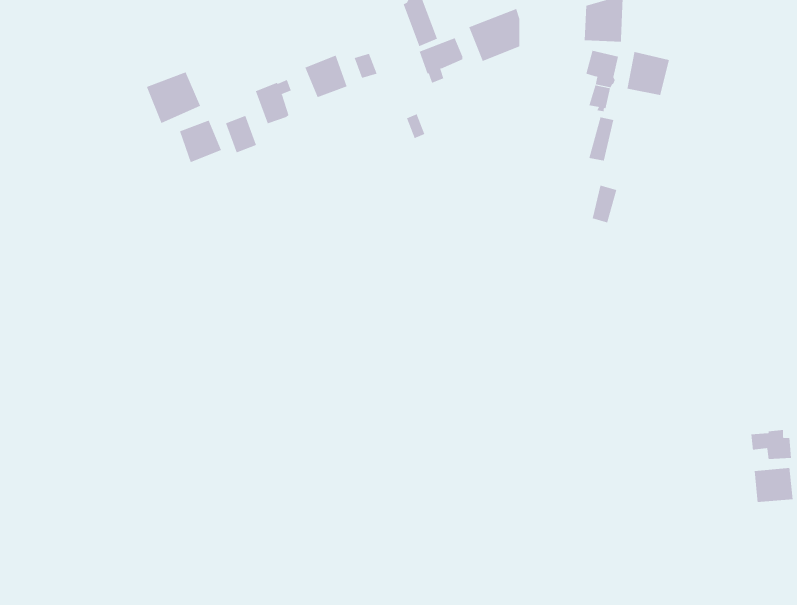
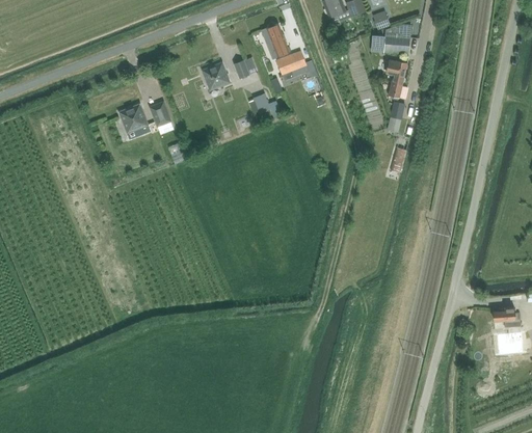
building: [468,8,520,62] -> none
building: [627,51,670,96] -> none
building: [146,72,201,124] -> none
building: [255,79,292,124] -> none

